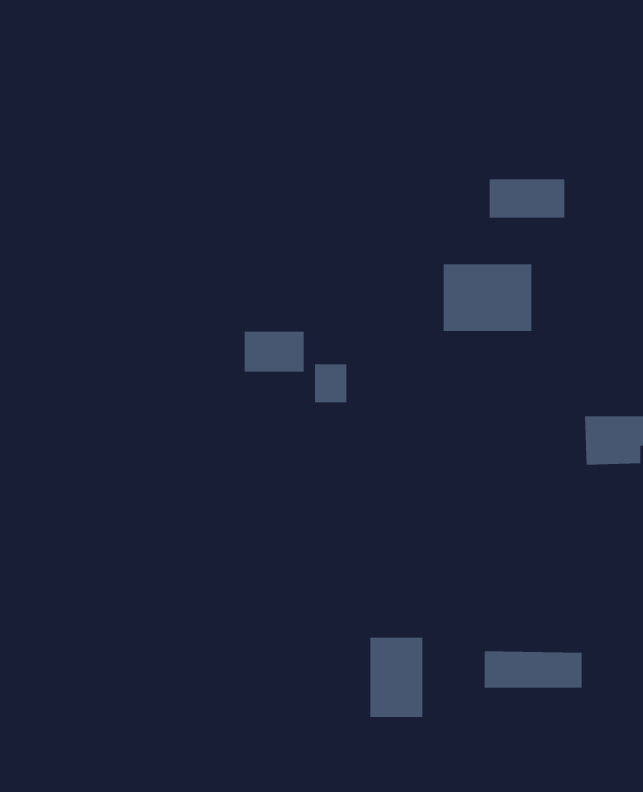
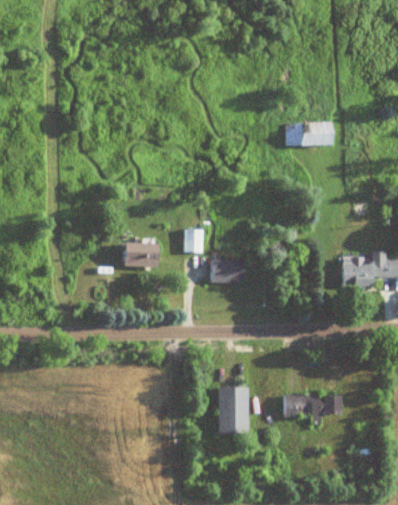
building: [443,263,532,332] -> none
building: [244,331,305,372] -> [123,242,158,266]
building: none -> [211,260,248,282]

